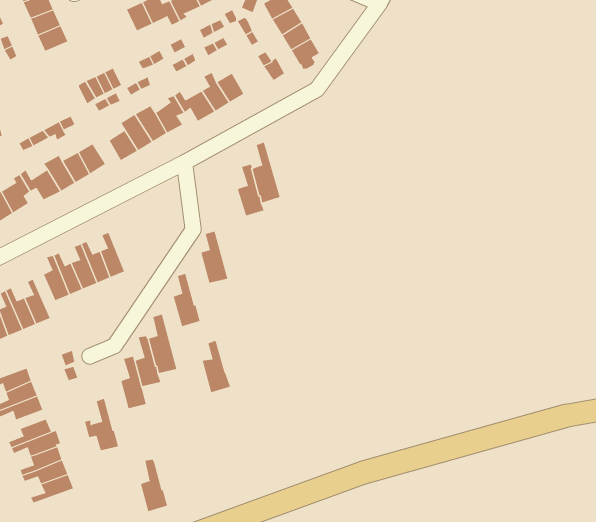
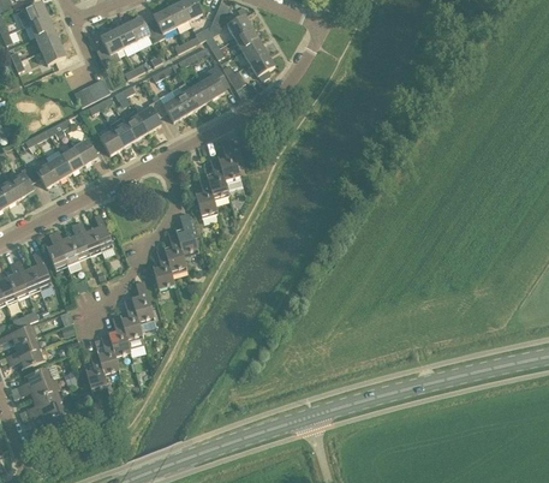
building: none -> [96,29,123,65]
building: none -> [197,62,229,99]
building: none -> [191,173,216,217]
building: [202,340,231,393] -> [163,229,187,273]
building: [140,459,168,512] -> [97,333,120,376]

